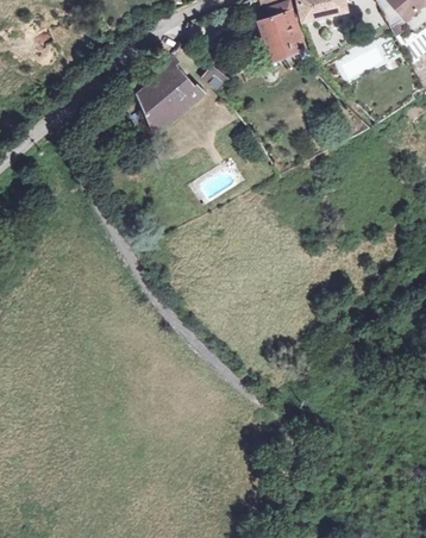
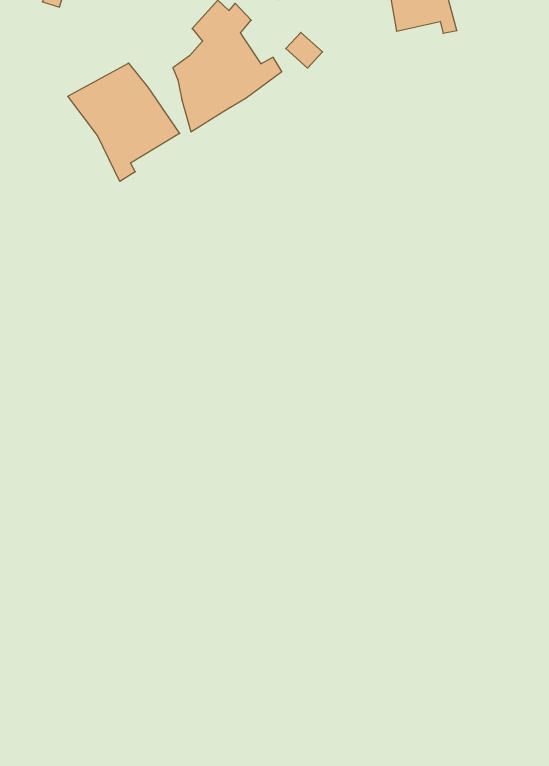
building: none -> [68,63,180,181]

